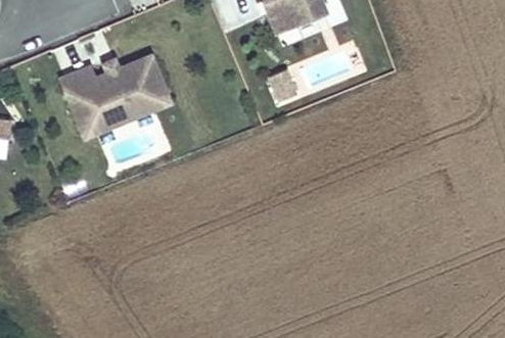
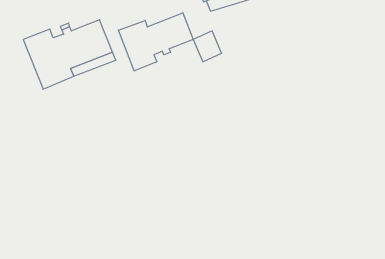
building: none -> [118,13,193,71]

